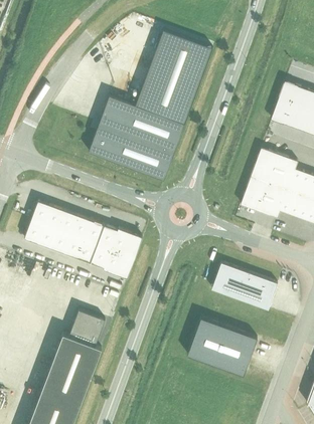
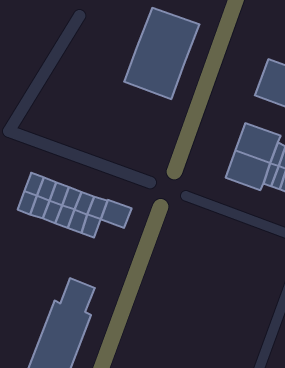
building: [89,96,184,180] -> none
building: [103,248,135,278] -> none
building: [211,263,278,309] -> none
building: [187,317,257,376] -> none

